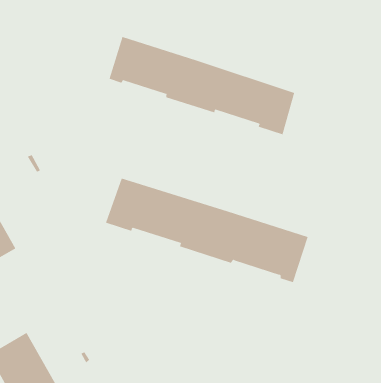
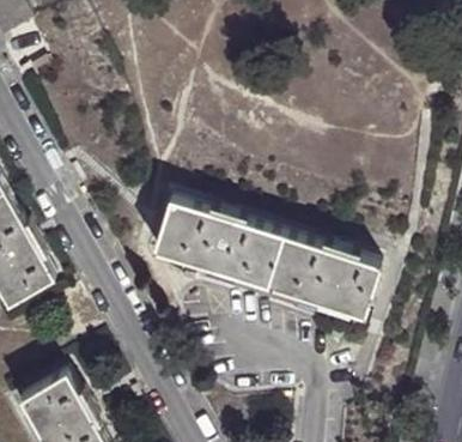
building: [109,36,295,135] -> none

